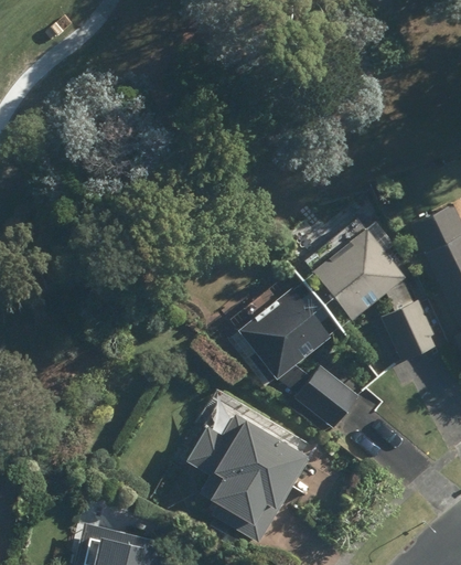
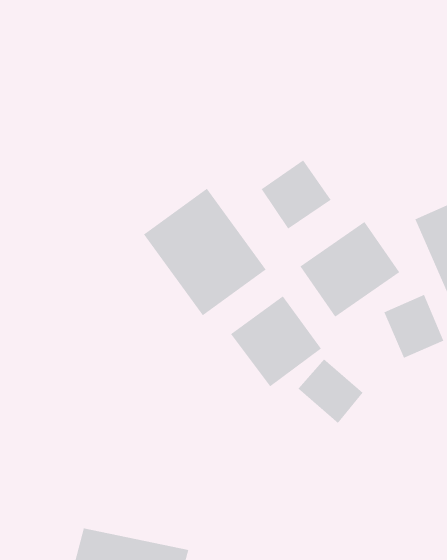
building: none -> [261,159,332,229]
building: none -> [143,188,266,316]
building: [176,407,298,524] -> none

